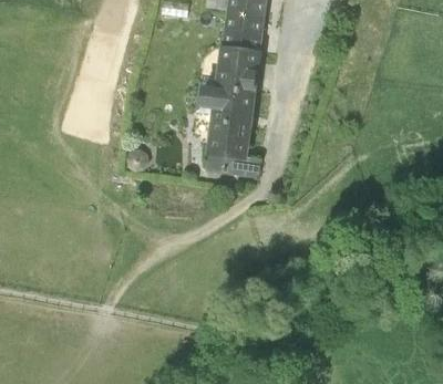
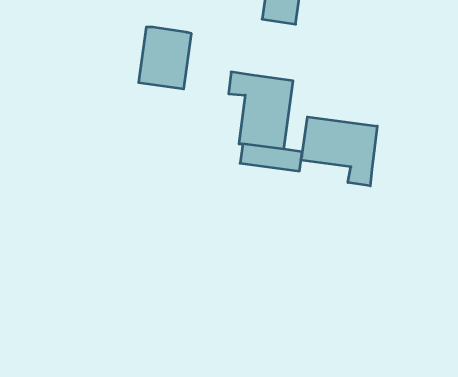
building: [215,41,260,94] -> [139,27,191,89]
building: none -> [301,117,377,186]

